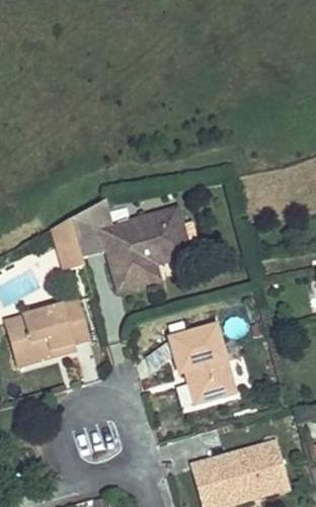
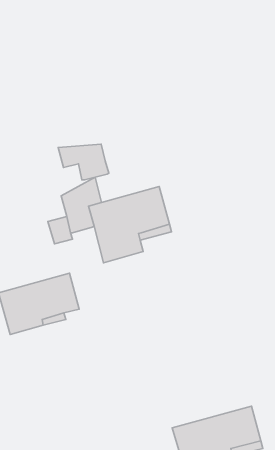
building: none -> [58,144,109,180]
building: [169,325,234,405] -> none

